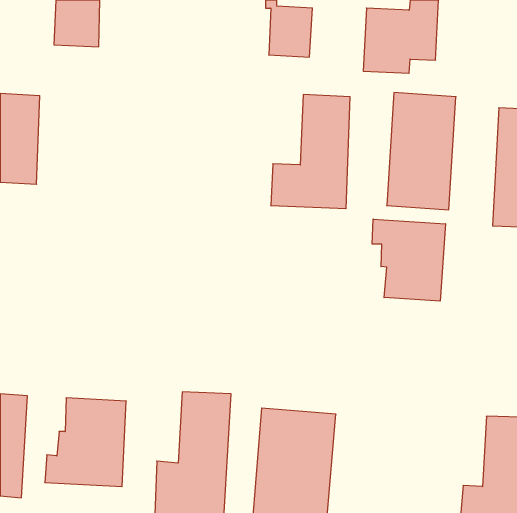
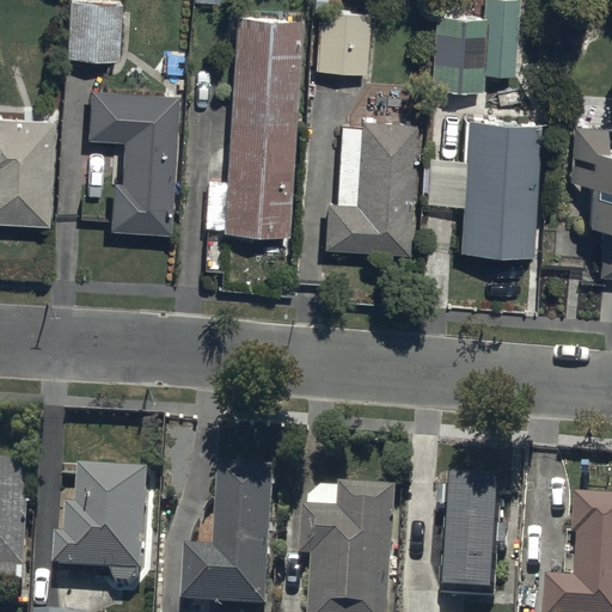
building: none -> [224,14,304,238]
building: none -> [88,91,178,233]
building: [372,219,445,301] -> none
building: none -> [441,478,506,601]

